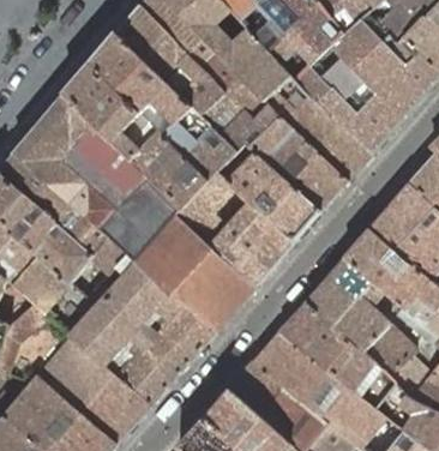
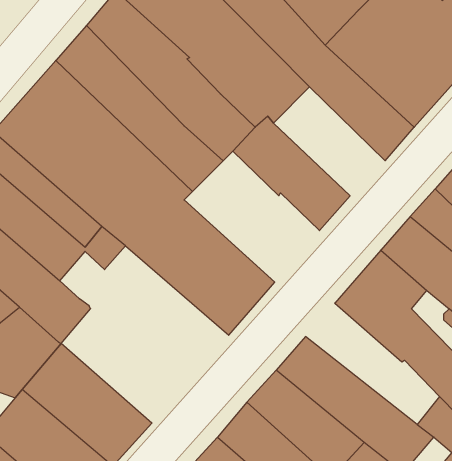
building: [253,116,349,210] -> none
building: [176,172,293,284] -> none
building: [71,260,215,405] -> none
building: [281,302,396,407] -> none

